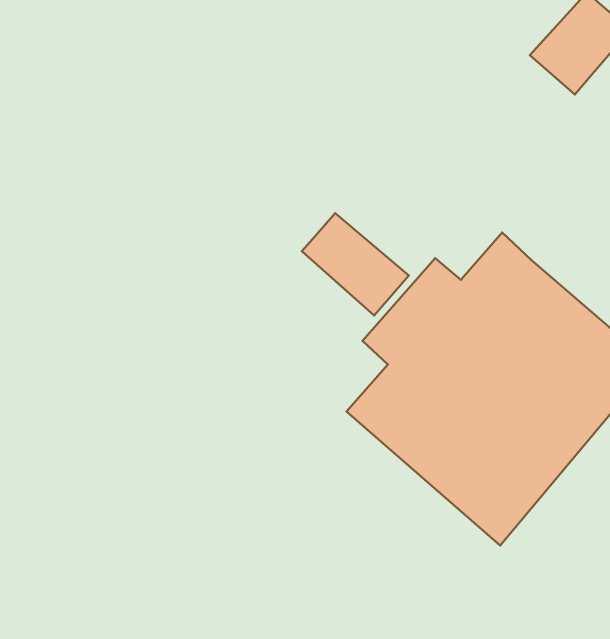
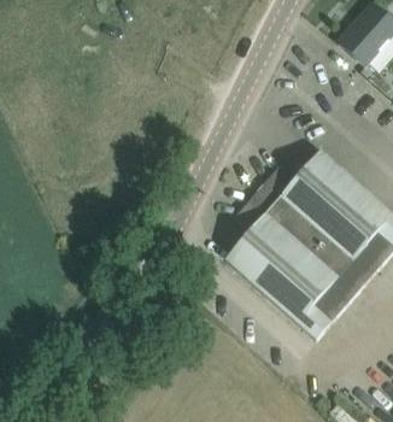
building: [302,213,409,315] -> none

